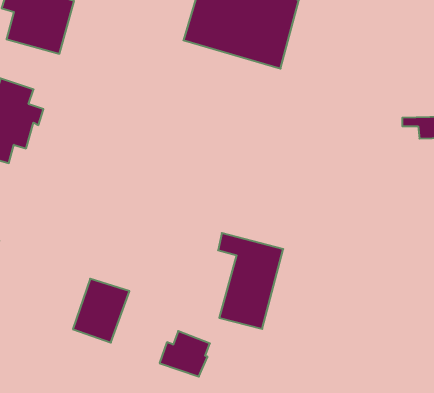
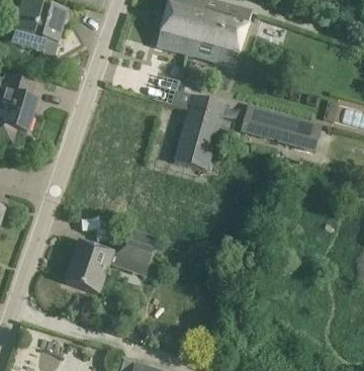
building: none -> [239,101,320,148]
building: [218,233,283,329] -> [171,90,224,169]
building: [160,331,210,377] -> [113,226,155,264]

